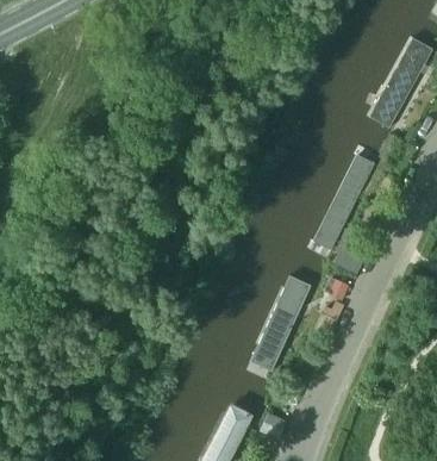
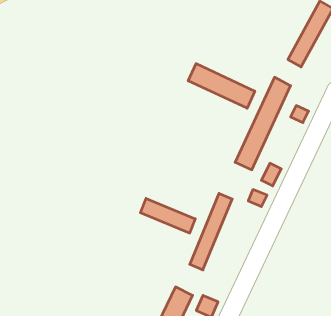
building: none -> [188,64,255,108]
building: none -> [140,198,195,233]

